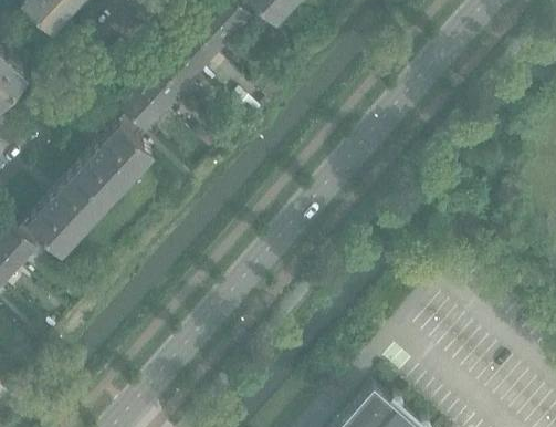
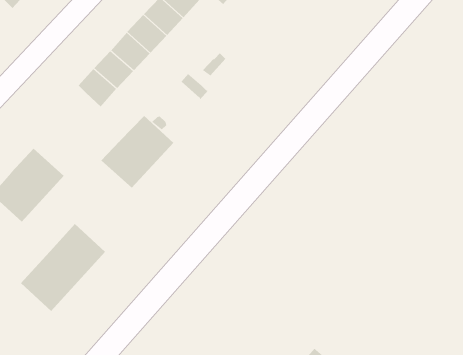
building: [72,129,150,208] -> [101,115,174,189]
building: none -> [20,223,106,312]

